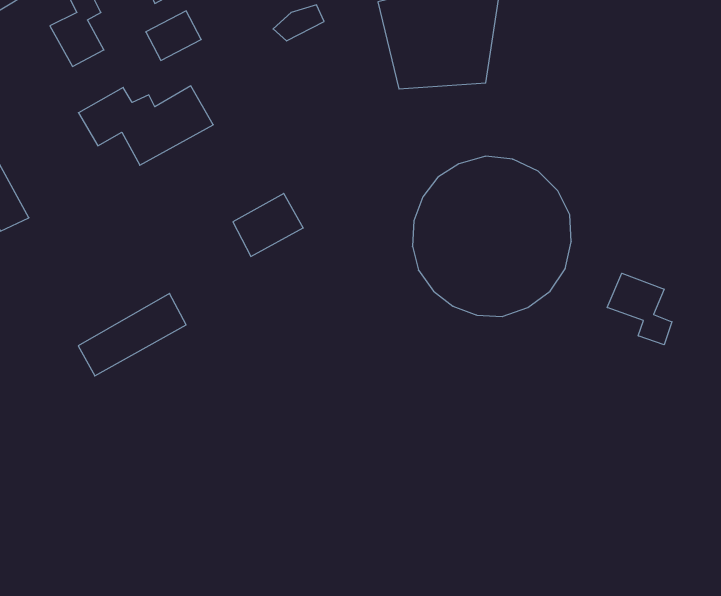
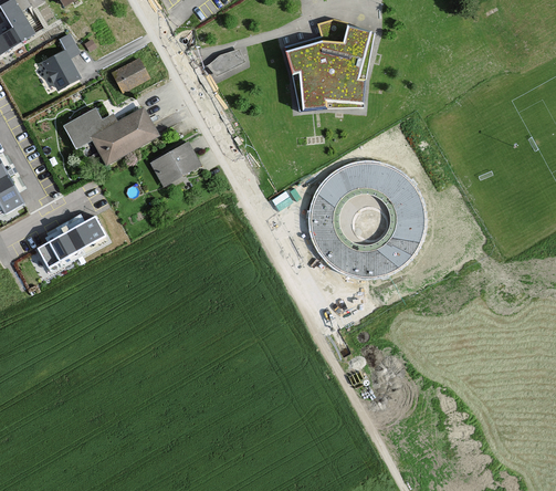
building: [233,193,303,256] -> [149,140,201,187]
building: [607,273,672,345] -> none
building: [78,293,186,376] -> [25,216,105,276]

